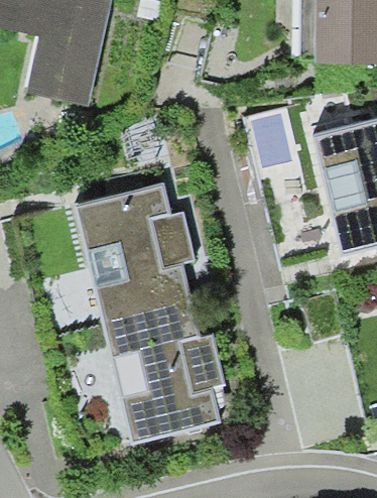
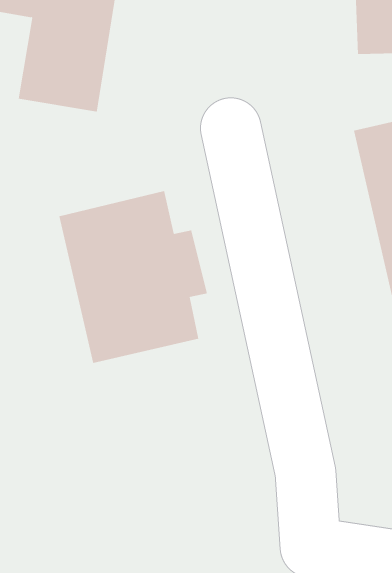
building: [99,300,221,439] -> none

